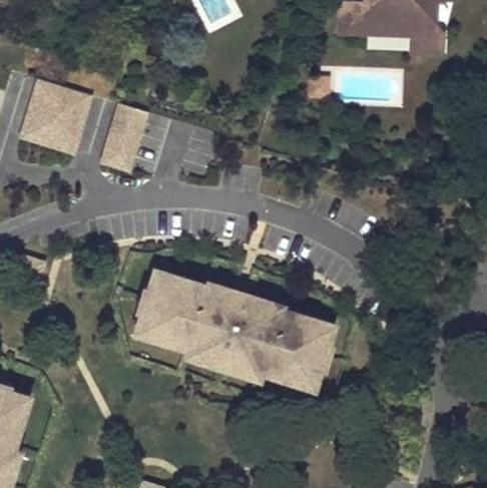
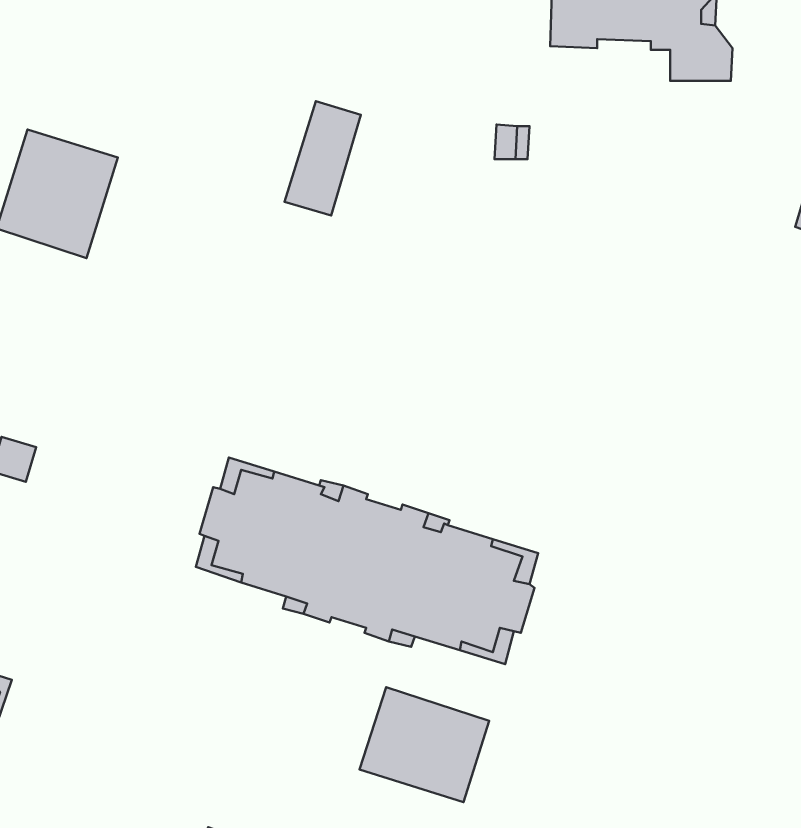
building: [100,105,144,171] -> [284,101,361,216]
building: none -> [359,687,489,802]

